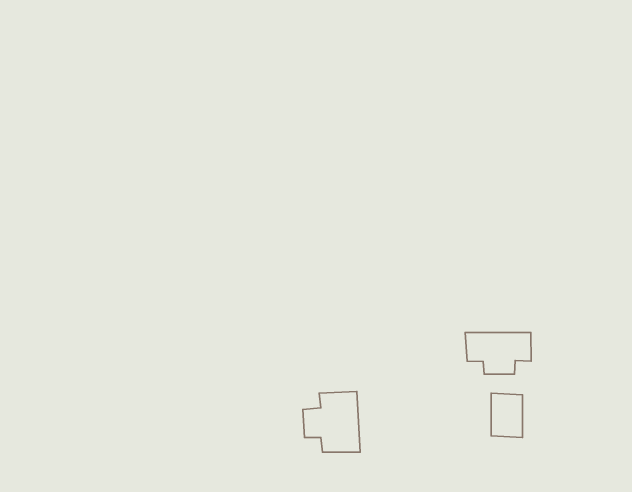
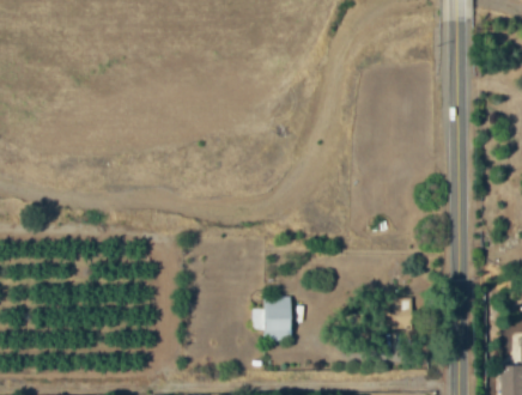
building: [465,333,531,374] -> none

